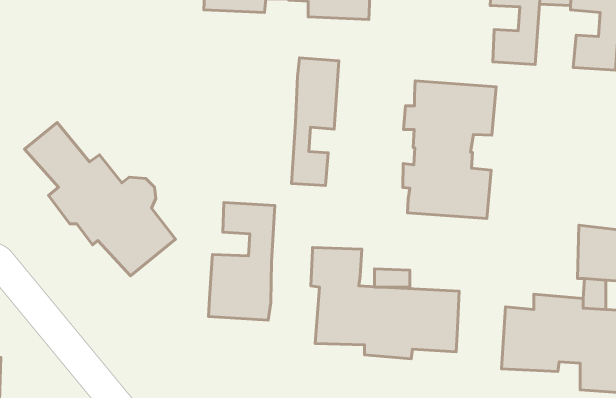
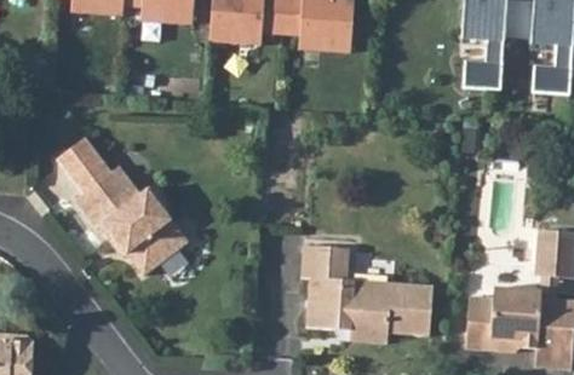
building: [292,58,339,186] -> none
building: [403,81,496,219] -> none
building: [209,202,275,320] -> none

